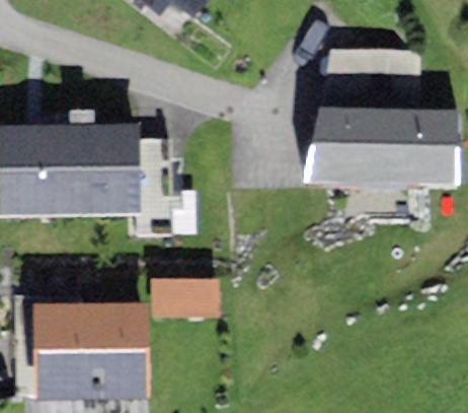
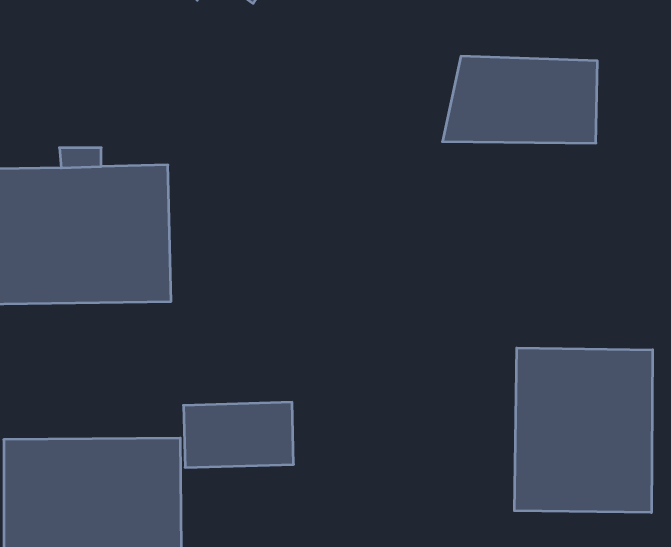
building: [303,110,456,187] -> none
building: none -> [514,348,653,513]

